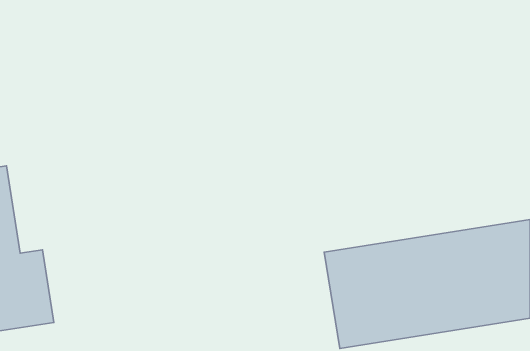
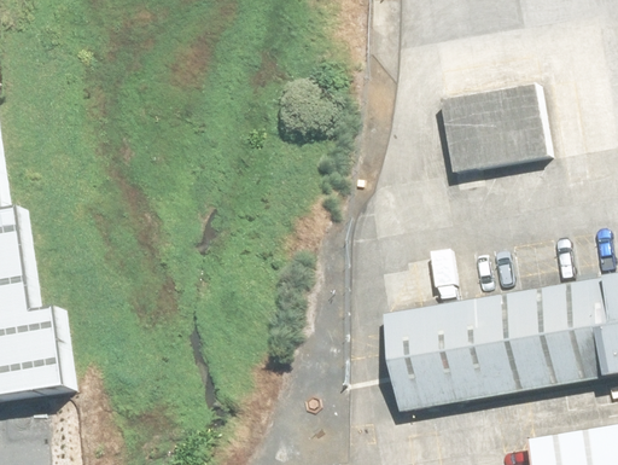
building: none -> [418,89,535,172]

